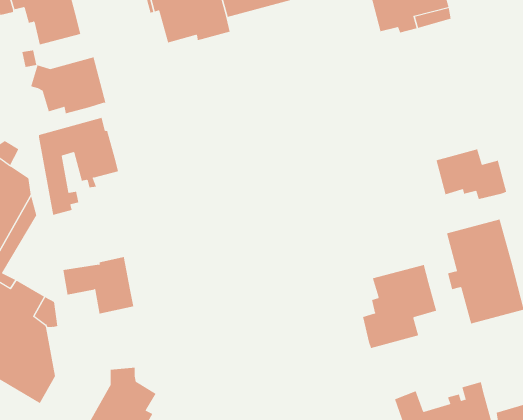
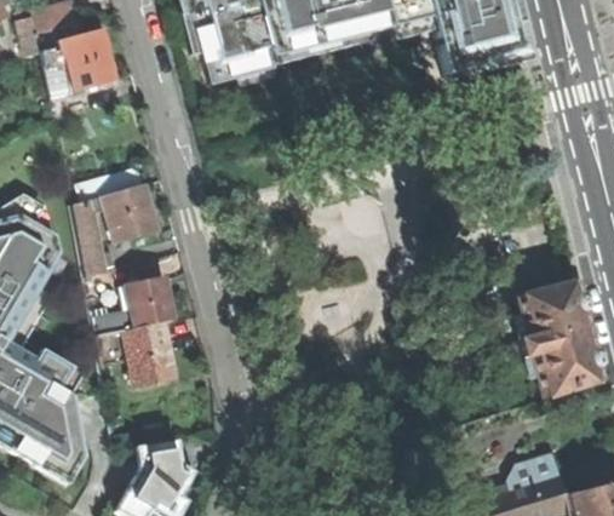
building: [30,57,106,114] -> none
building: [436,149,507,200] -> none
building: none -> [91,276,172,336]
building: [363,264,437,349] -> none

